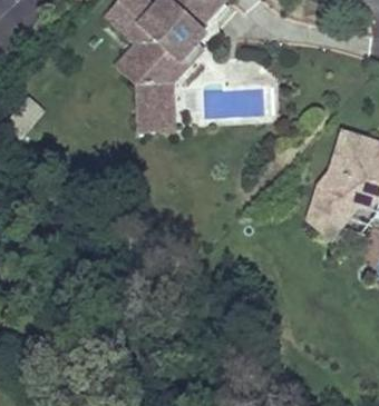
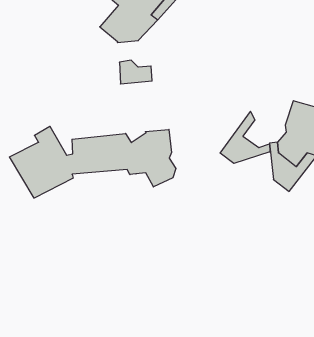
building: none -> [220,111,270,163]
building: none -> [9,126,176,198]

